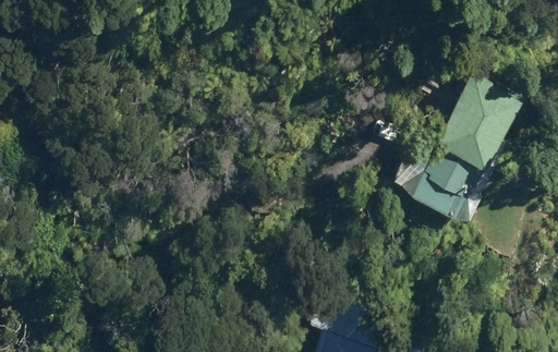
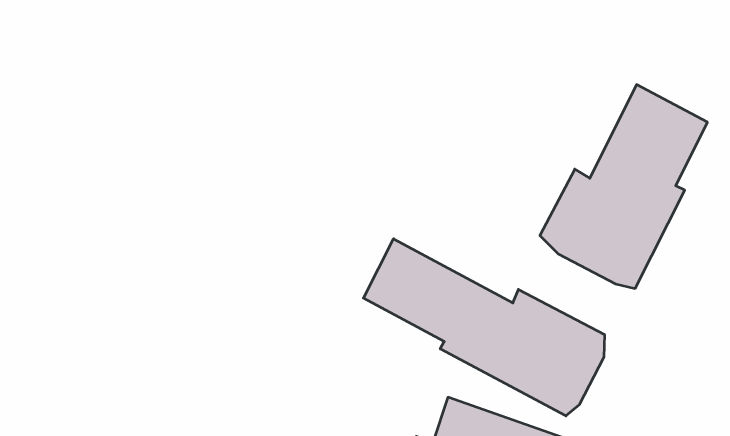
building: none -> [363,239,604,416]

